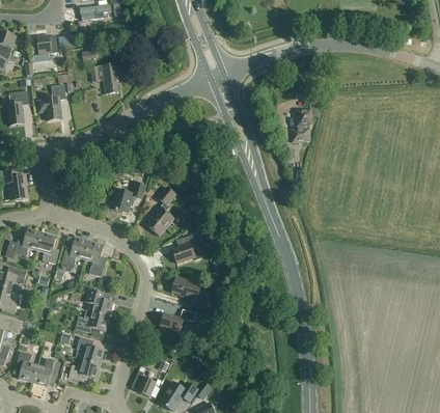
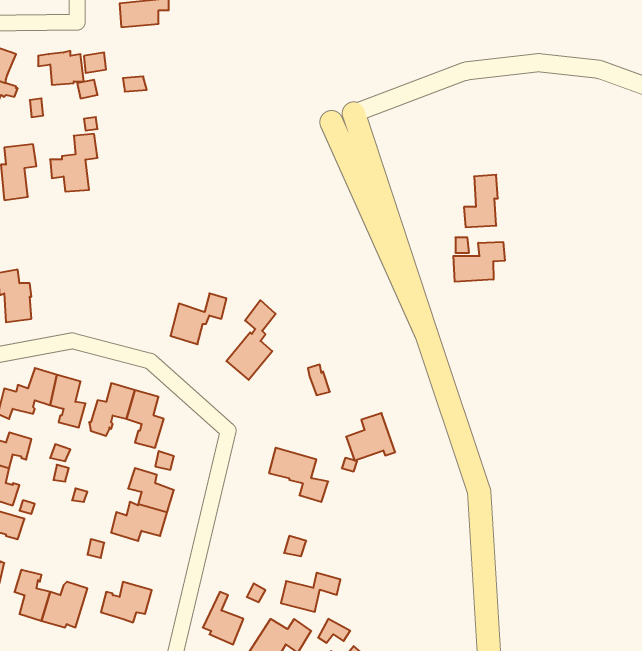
building: [92,64,119,94] -> none
building: none -> [453,242,505,282]
building: [171,235,201,264] -> [346,413,395,461]
building: [160,308,196,332] -> [281,573,340,612]
building: [76,337,104,364] -> none

